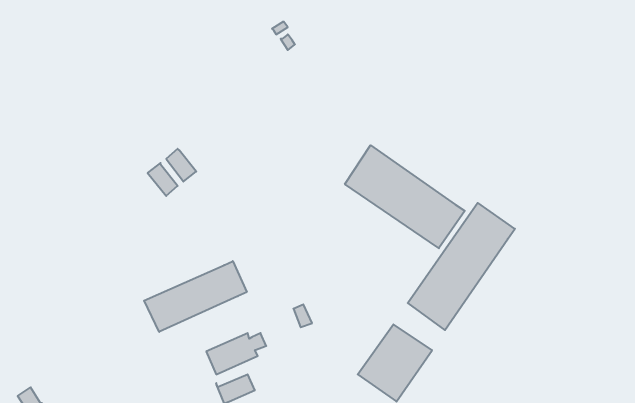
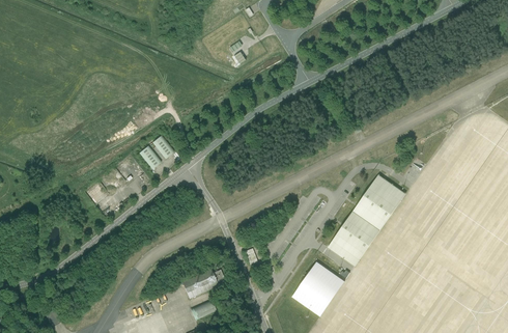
building: [345,145,465,248] -> none
building: [144,261,247,332] -> none

